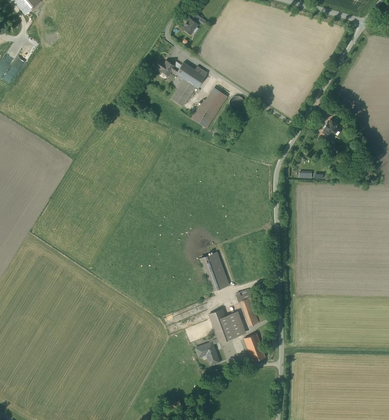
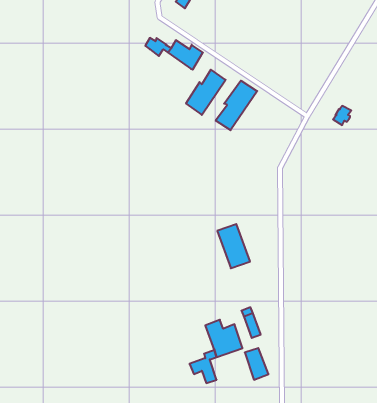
building: [171,75,196,106] -> none
building: none -> [216,81,257,130]
building: [200,252,229,291] -> [217,224,250,268]

